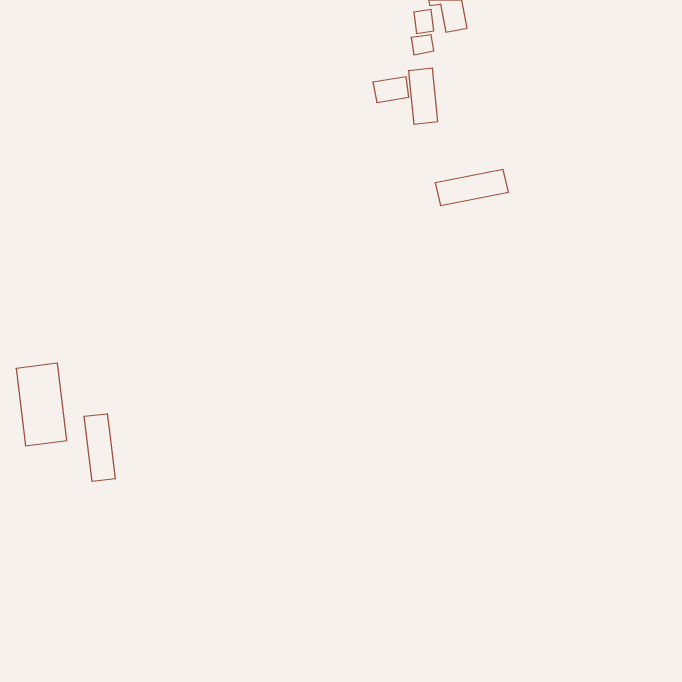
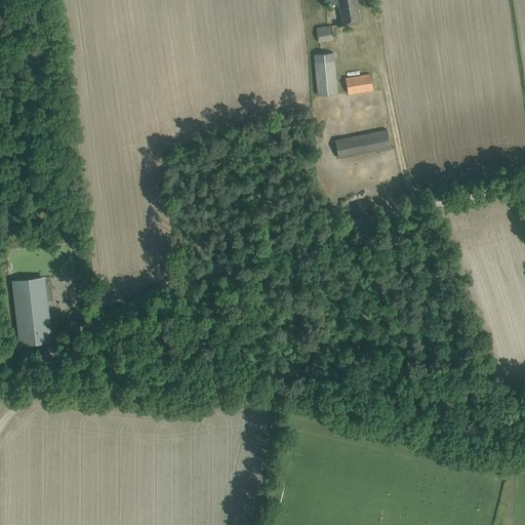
building: [373,77,409,102] -> [345,74,372,93]
building: [84,414,115,481] -> none

